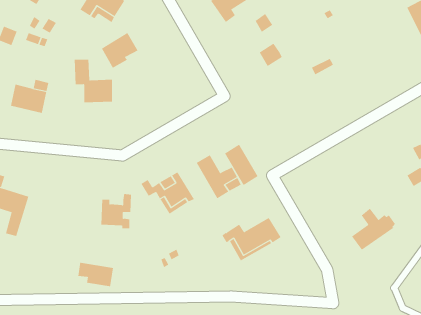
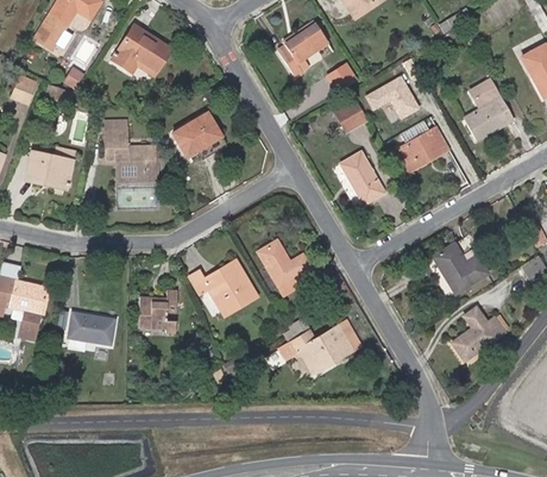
building: none -> [364,74,420,119]
building: none -> [464,79,513,140]
building: [101,32,138,68] -> [174,112,220,157]
building: none -> [397,126,449,170]
building: [224,144,258,186] -> [340,151,383,203]
building: none -> [426,233,486,296]
building: [78,262,114,287] -> [70,312,115,343]

